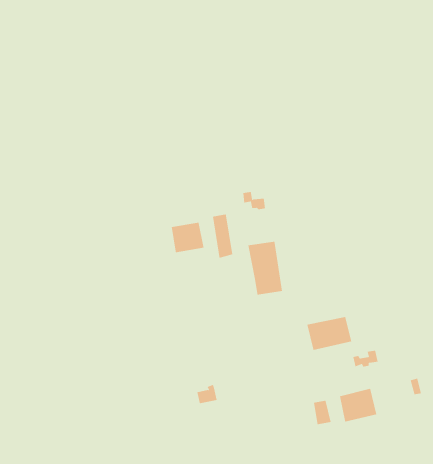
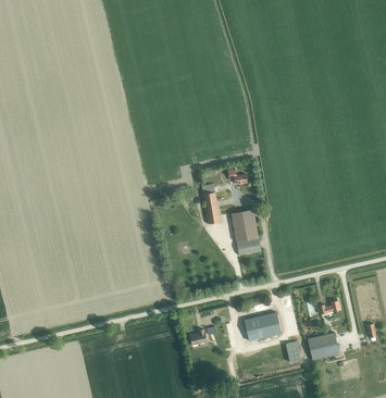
building: [171,222,204,253] -> none
building: [306,316,352,351] -> [244,312,282,340]

